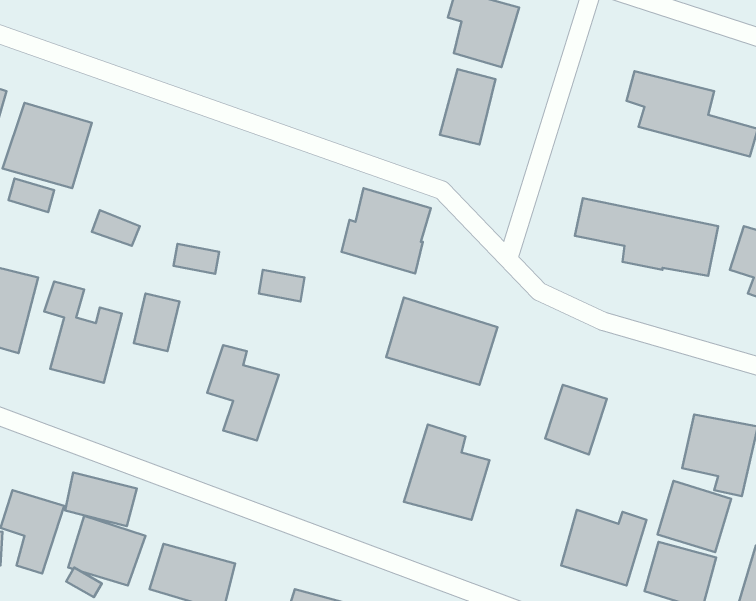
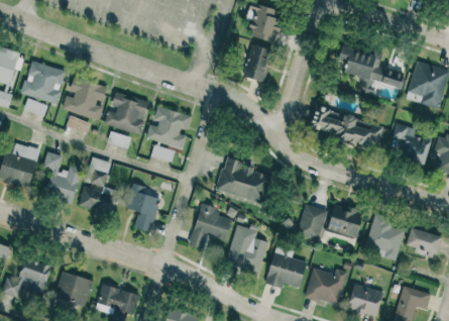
building: none -> [63,78,107,120]
building: none -> [104,92,149,135]
building: [341,188,431,274] -> [146,106,192,149]
building: none -> [189,203,232,249]
building: [65,473,137,526] -> [78,187,114,214]
building: none -> [265,252,307,288]
building: [658,481,731,552] -> [327,203,364,239]

